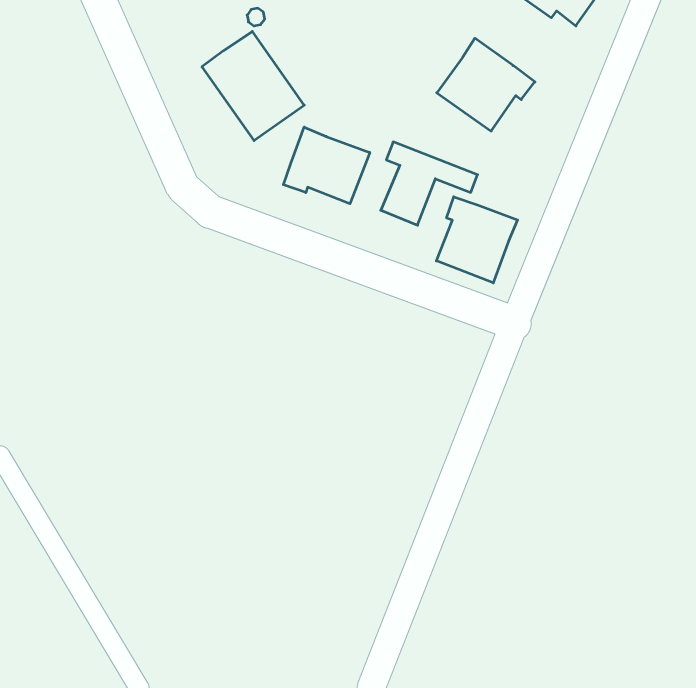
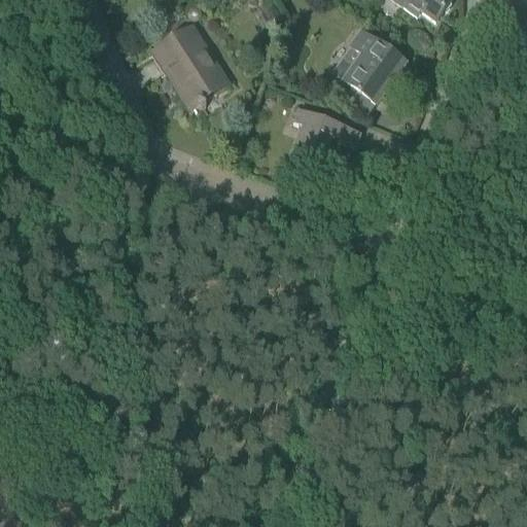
building: [283,127,370,204] -> none
building: [436,197,518,283] -> none

